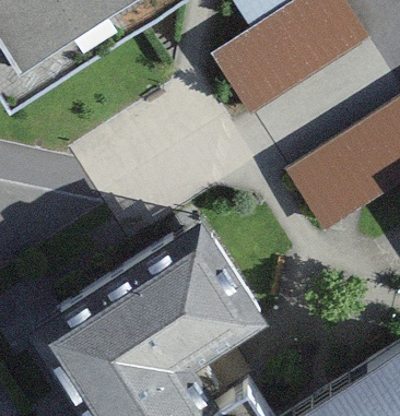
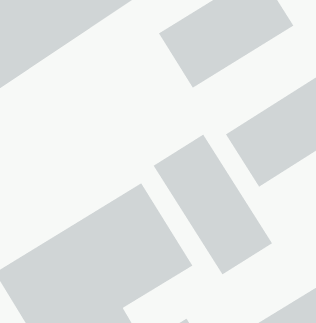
building: none -> [152,133,273,276]

